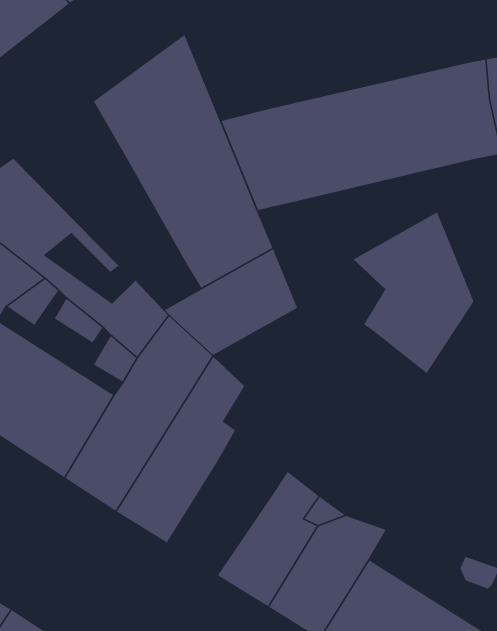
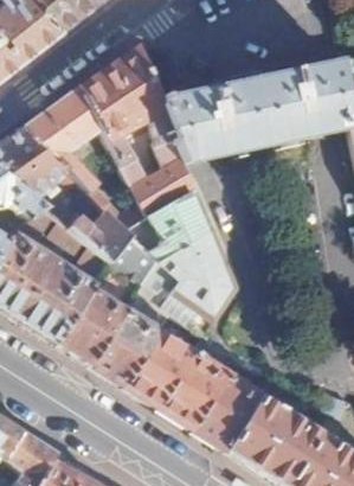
building: none -> [24,90,149,230]
building: [352,211,475,374] -> [157,229,239,338]
building: none -> [127,333,195,408]

